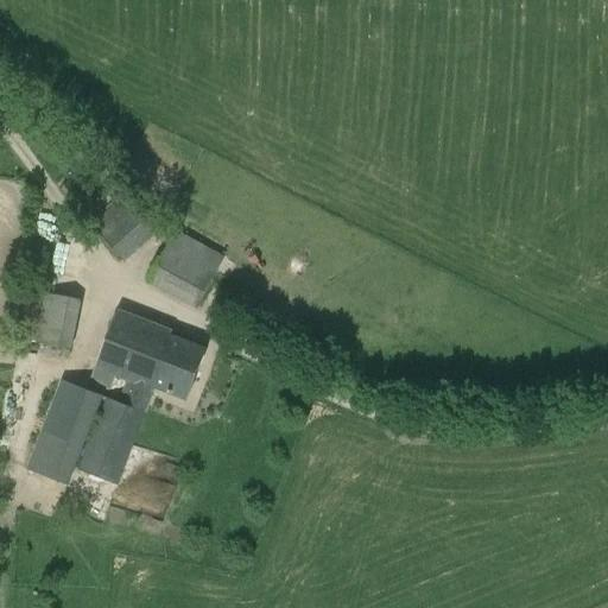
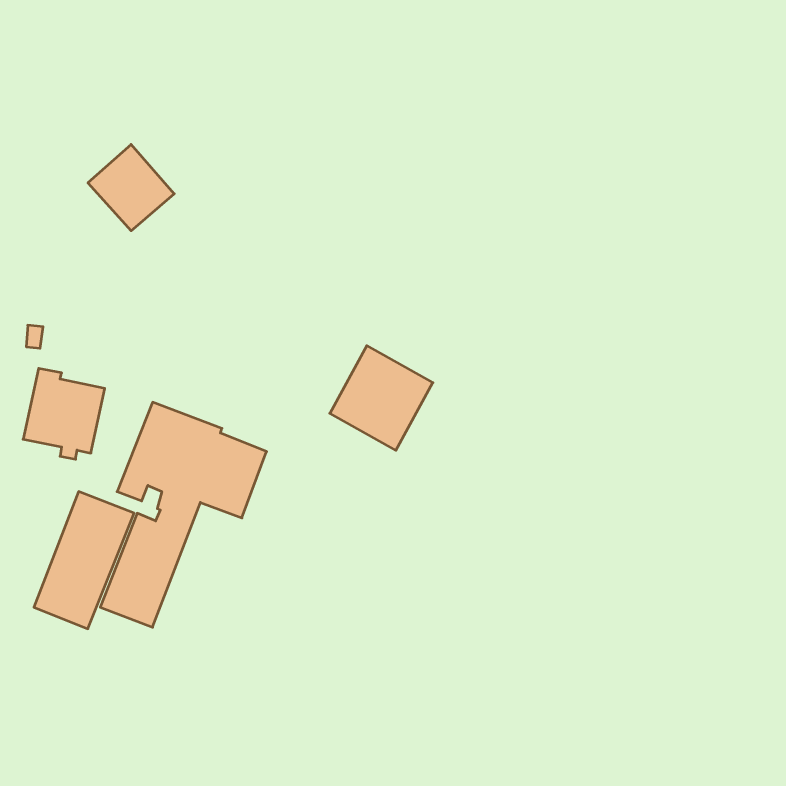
building: [90,195,157,261] -> [88,144,174,231]
building: [145,227,224,308] -> [330,346,433,450]

